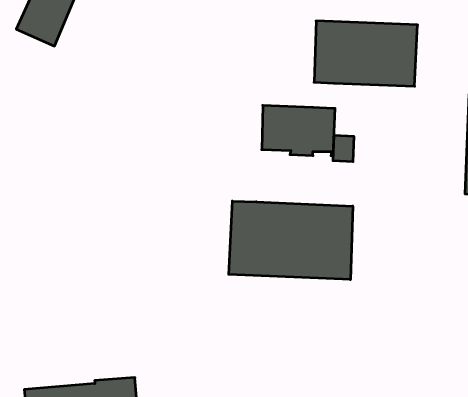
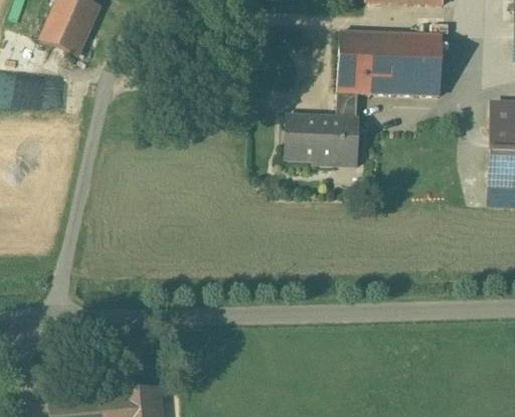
building: [333,136,354,162] -> [337,91,358,118]
building: [229,201,353,280] -> none

